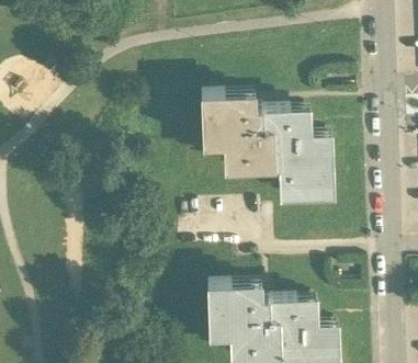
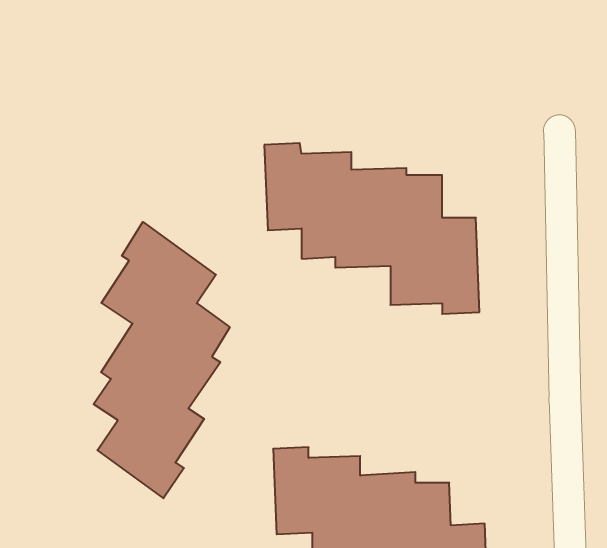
building: none -> [94,222,230,498]

